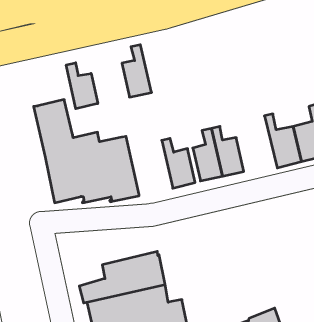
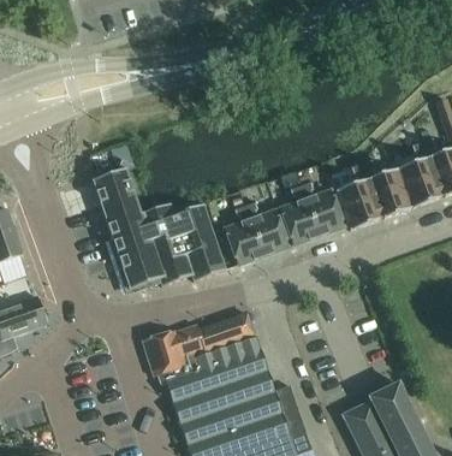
building: [122,45,152,97] -> [225,202,263,265]
building: [66,63,98,109] -> none
building: none -> [335,160,382,230]
building: none -> [142,313,254,383]

